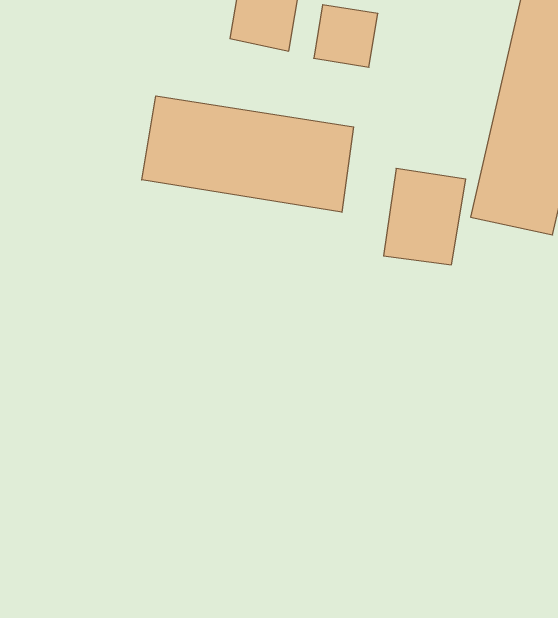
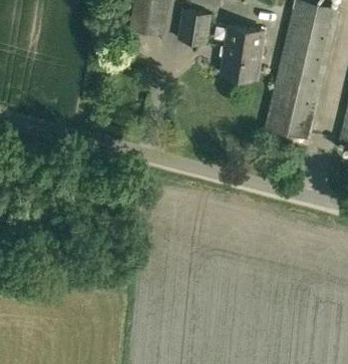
building: [142,96,354,212] -> none
building: [384,168,466,265] -> [220,24,266,78]

